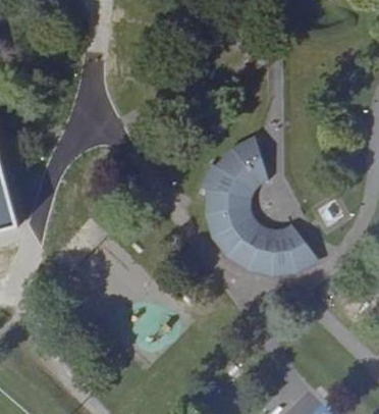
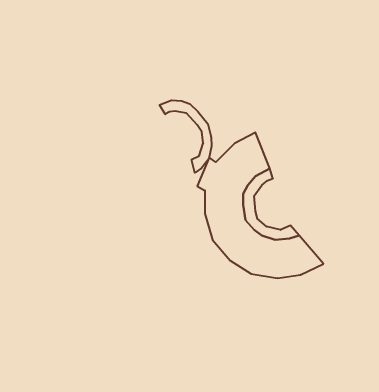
building: none -> [160,100,212,173]

